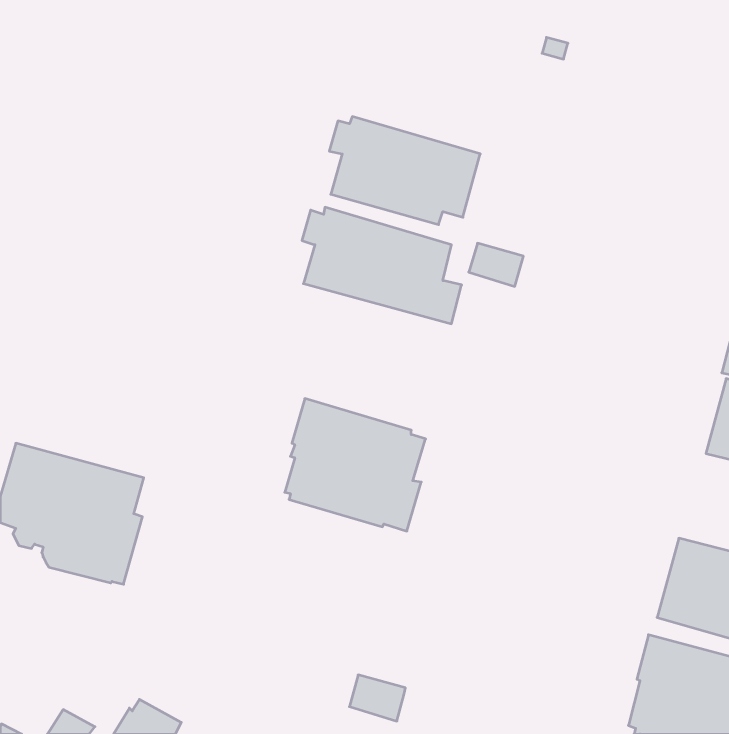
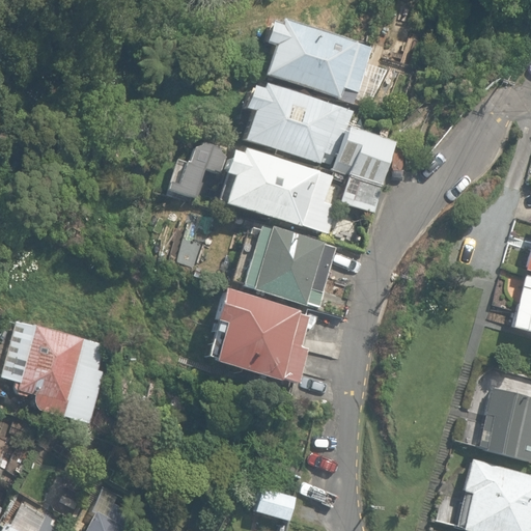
building: none -> [253,15,386,104]
building: none -> [338,128,400,184]
building: none -> [168,143,228,198]
building: none -> [232,225,337,307]

